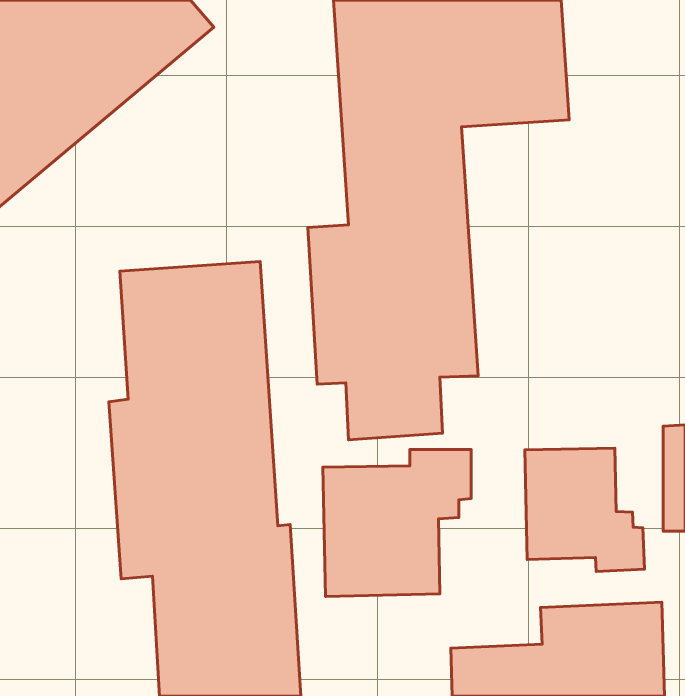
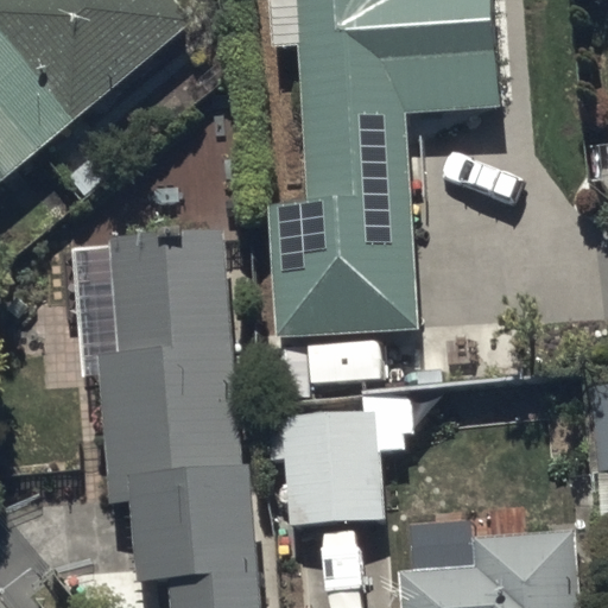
building: [525,448,644,571] -> none

